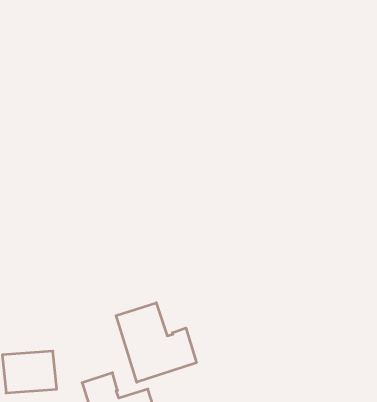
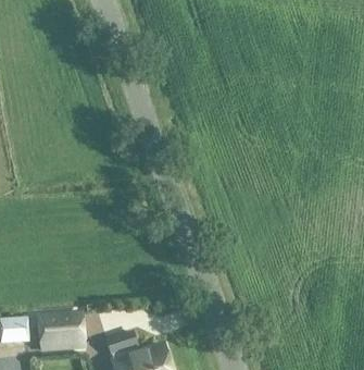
building: [116,303,196,382] -> none

